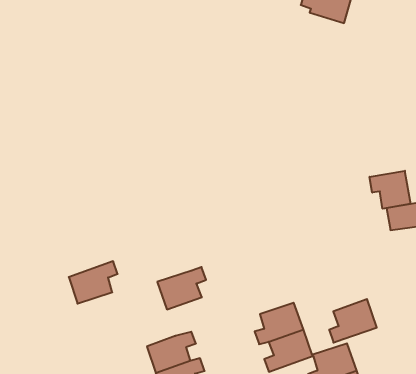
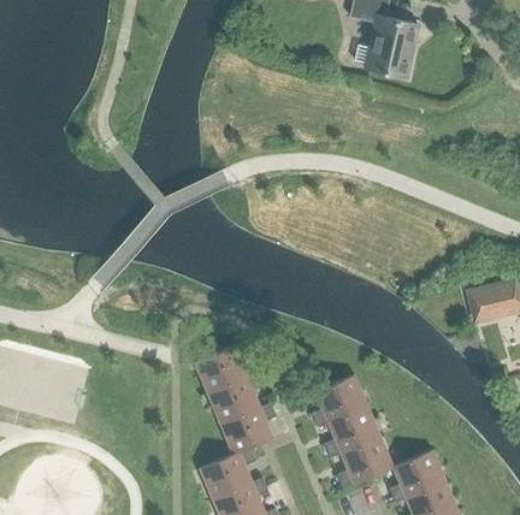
building: [370,171,410,209] -> none
building: [69,261,118,304] -> [195,341,252,392]
building: none -> [220,402,277,454]
building: [329,299,377,343] -> [312,374,367,427]

